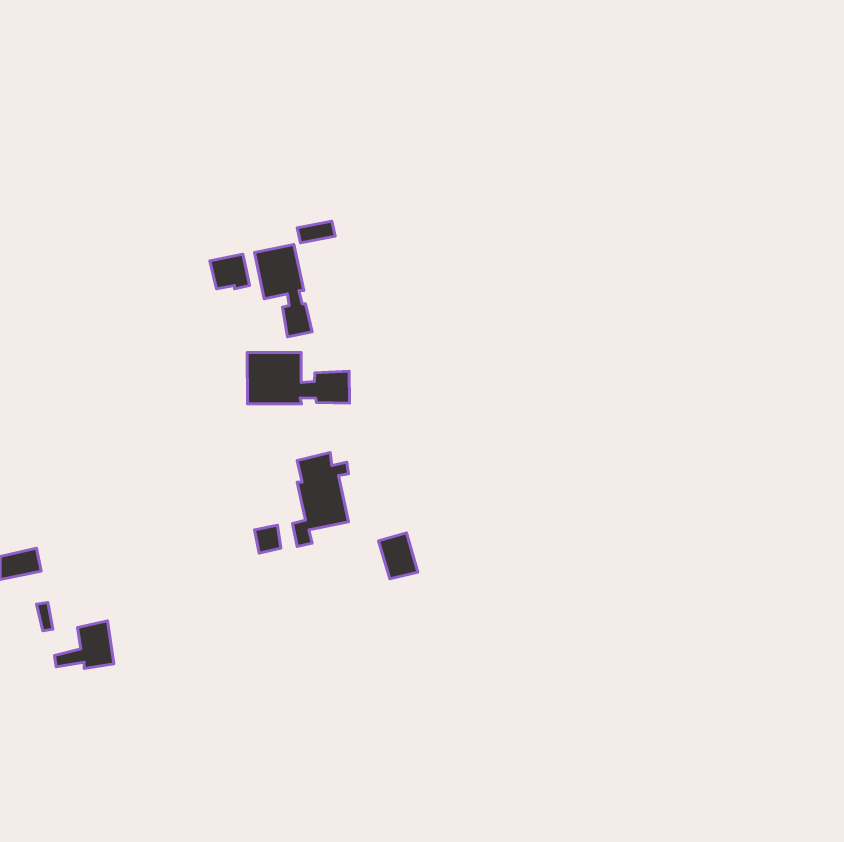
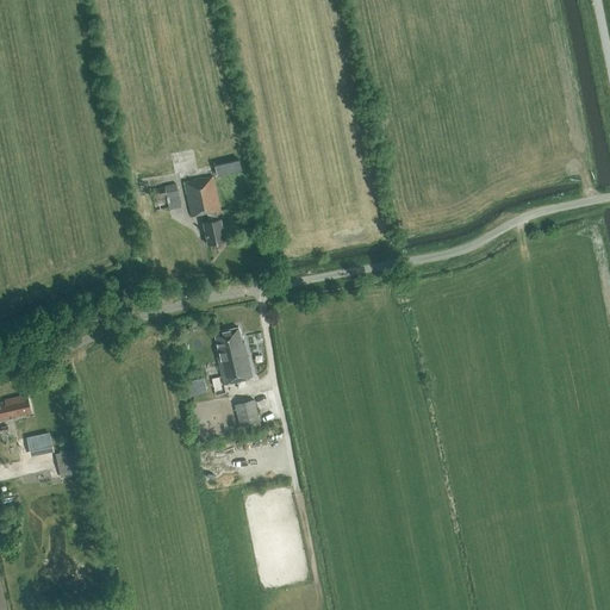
building: [247,352,350,404] -> none
building: [378,533,418,579] -> [234,398,262,431]

